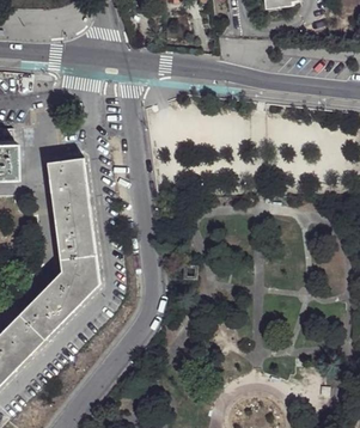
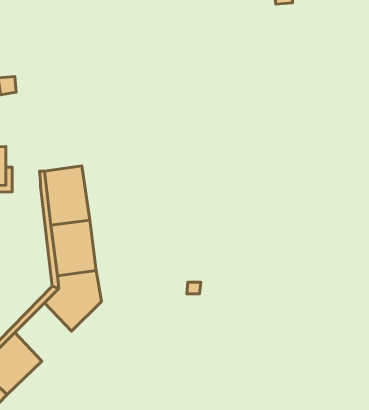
building: [23,286,75,340] -> none

